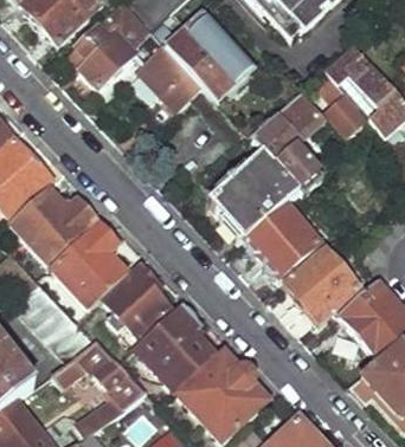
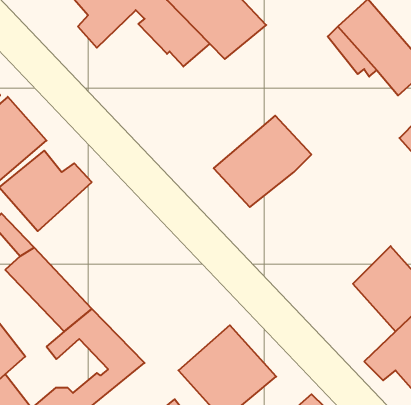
building: [255,96,326,194] -> none
building: [244,207,317,277] -> none
building: [54,224,127,306] -> none
building: [283,248,358,322] -> none
building: [104,265,168,335] -> none
building: [135,304,214,389] -> none

